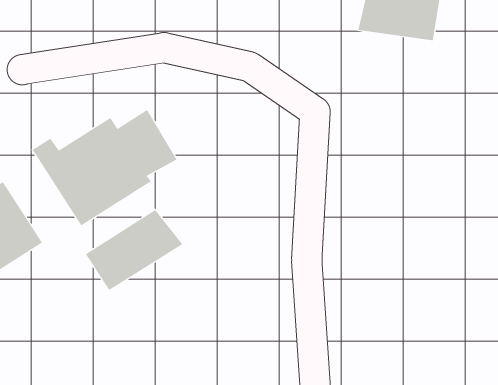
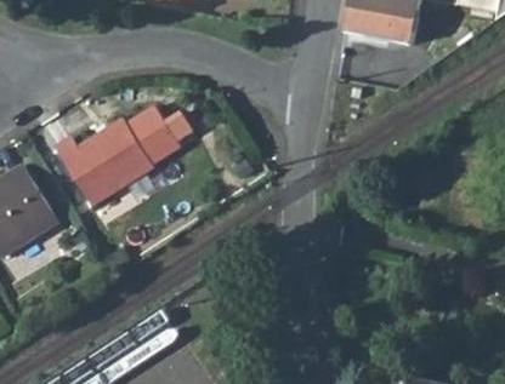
building: [85,209,183,291] -> none

